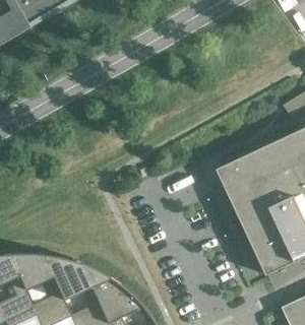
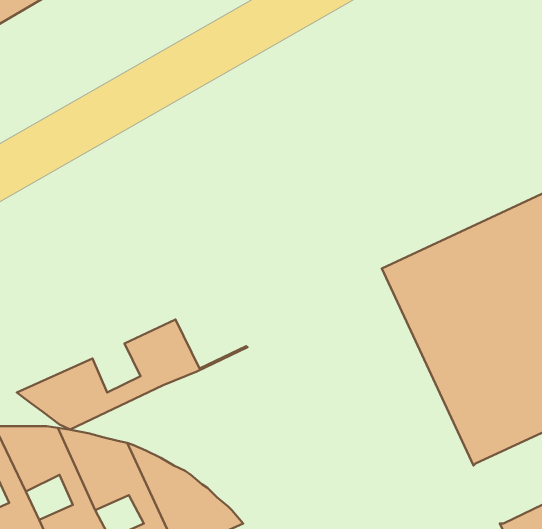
building: none -> [17,319,248,430]

